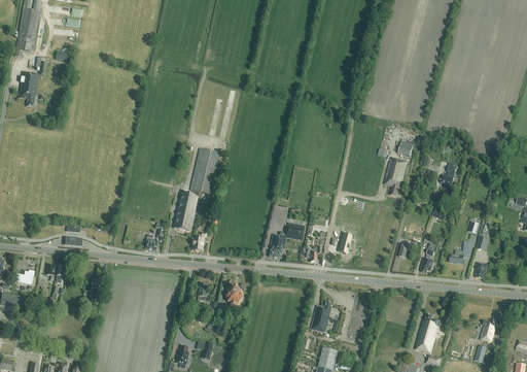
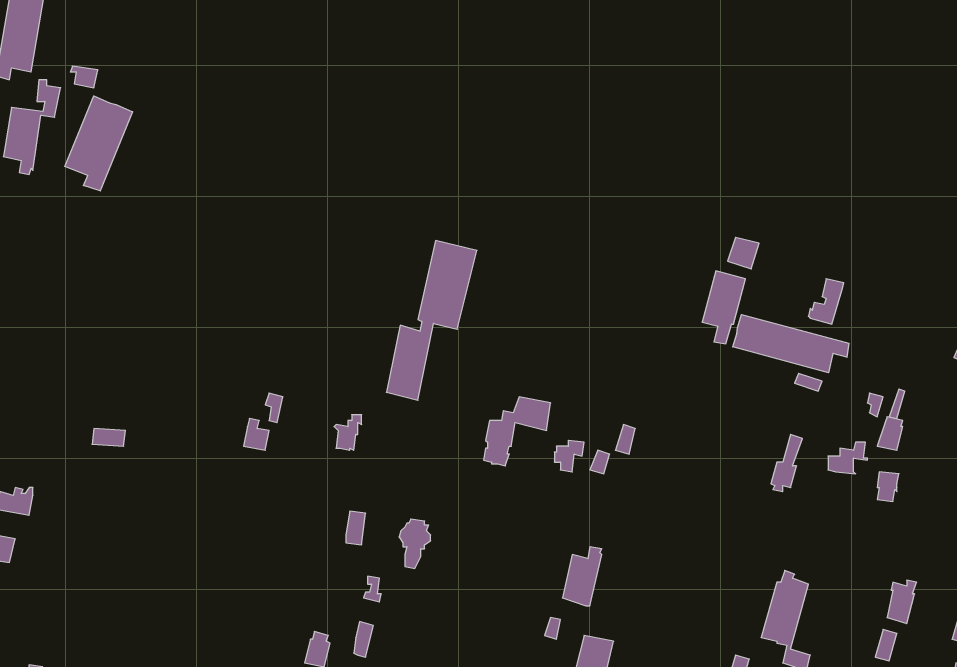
building: none -> [65,96,133,191]
building: [174,147,221,231] -> [386,241,477,400]
building: none -> [733,315,849,373]

